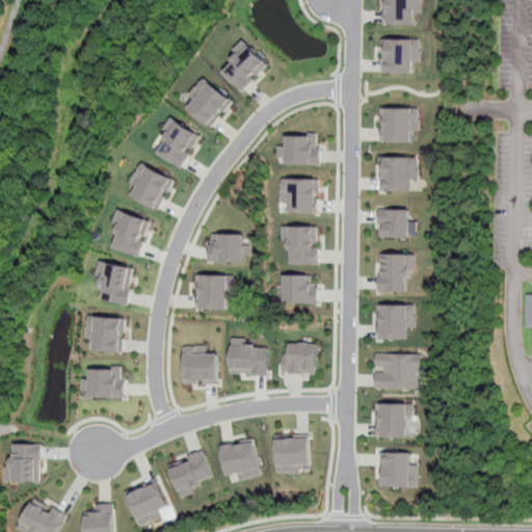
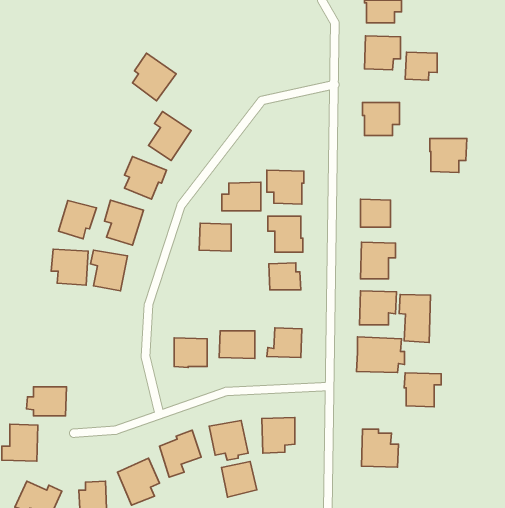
building: [220,39,267,91] -> none
building: none -> [405,52,437,80]
building: [186,78,232,128] -> [132,53,176,101]
building: [275,134,316,164] -> [222,182,261,211]
building: [377,157,416,192] -> [430,139,467,173]
building: none -> [59,201,96,239]
building: [194,275,233,310] -> none
building: none -> [399,295,431,342]
building: [84,316,123,353] -> [51,249,88,285]
building: [80,368,122,398] -> [27,387,66,416]
building: [373,403,411,438] -> [404,373,441,407]
building: none -> [222,461,257,497]

